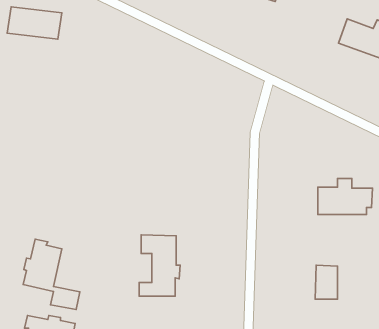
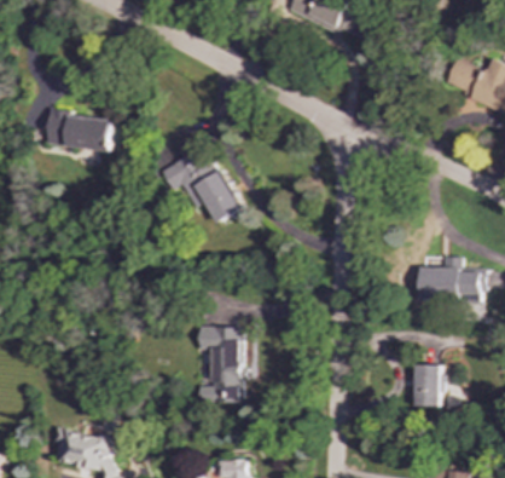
building: [7,7,62,39] -> [46,110,114,150]
building: none -> [161,150,243,221]
building: [23,239,80,310] -> none

